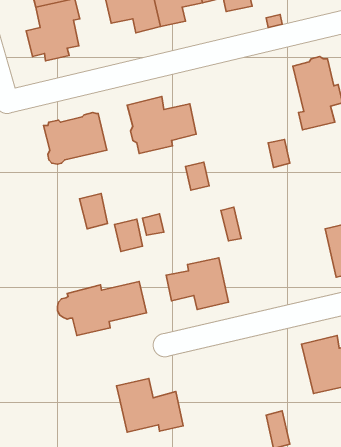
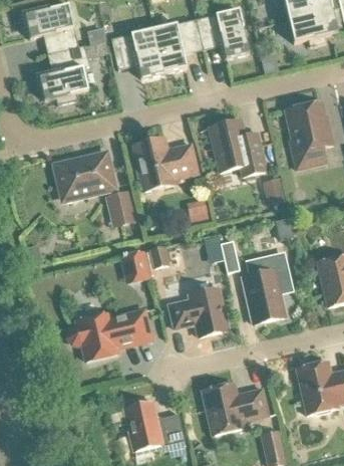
building: none -> [209,120,267,175]
building: [80,193,108,229] -> [107,191,133,224]
building: none -> [242,250,293,322]
building: none -> [202,382,267,434]

